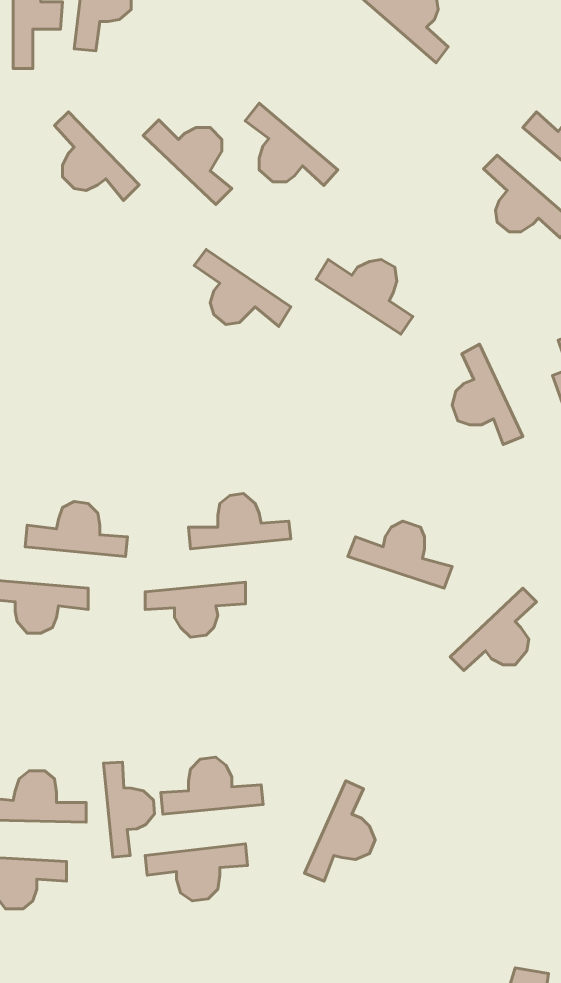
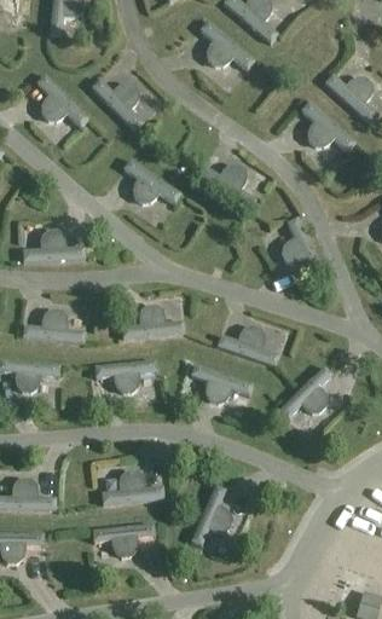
building: [245,103,338,186] -> [198,18,255,69]
building: none -> [23,228,85,261]
building: none -> [190,363,253,404]
building: [103,762,155,857] -> none

